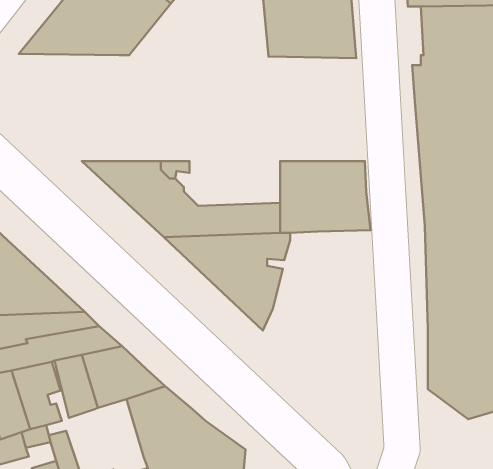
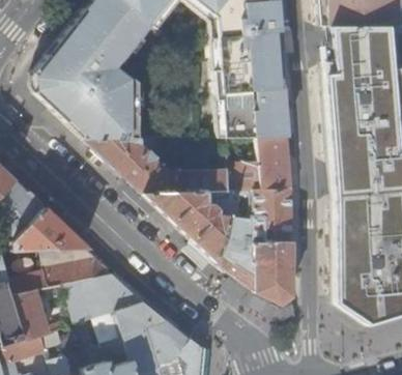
building: none -> [33,61,132,139]
building: none -> [217,63,291,139]
building: none -> [218,189,296,306]
building: none -> [96,311,132,354]

